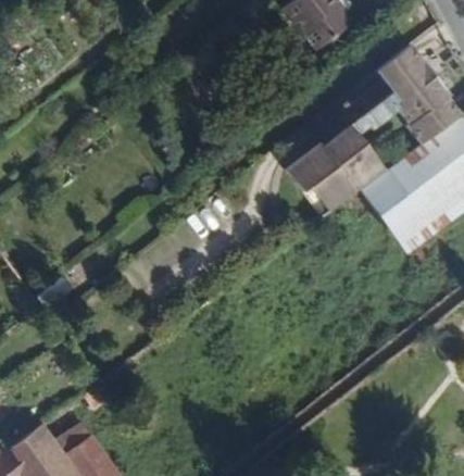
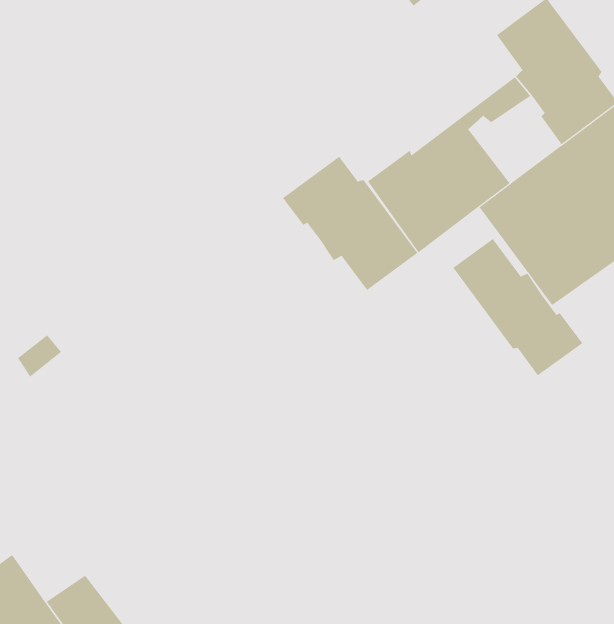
building: none -> [282,156,418,291]
building: none -> [453,238,583,376]

